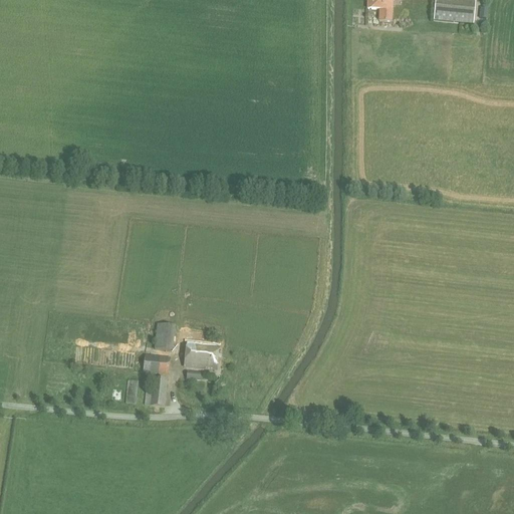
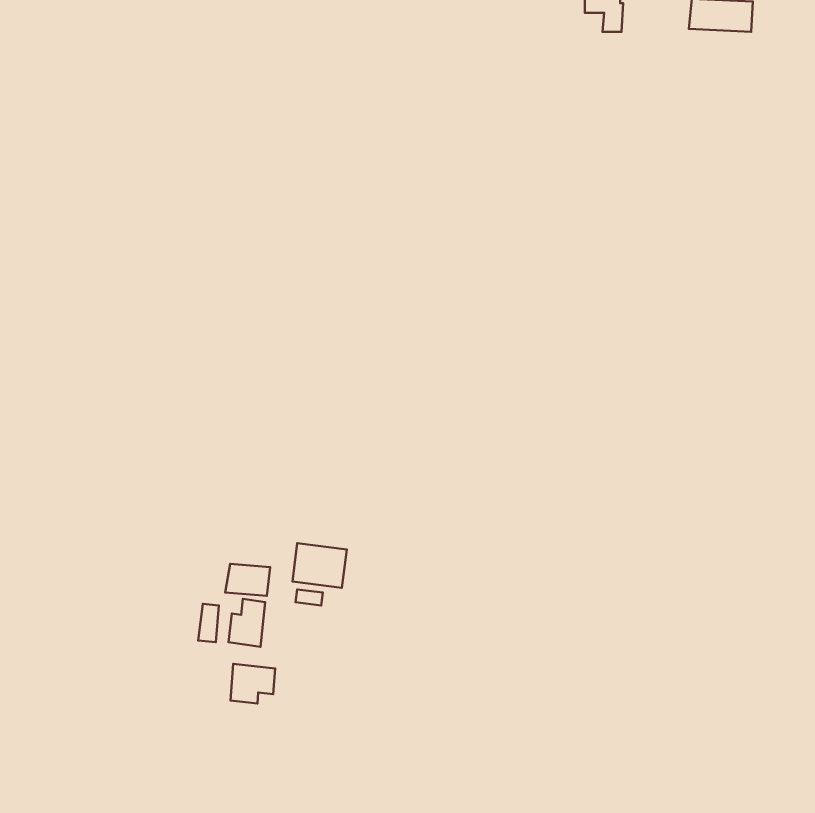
building: [154,323,175,350] -> none
building: none -> [230,664,275,703]

